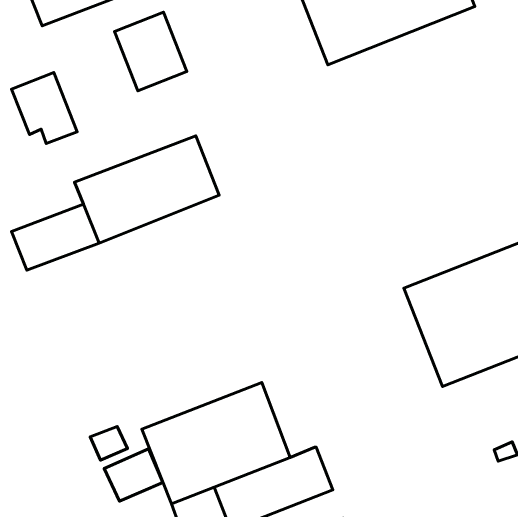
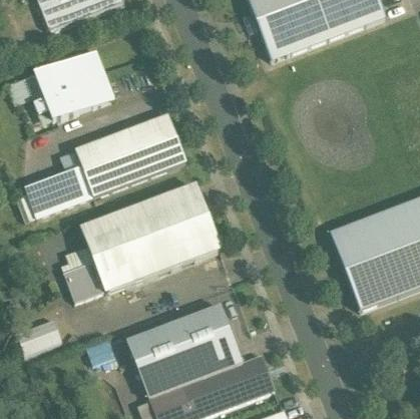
building: [115,12,187,91] -> [58,50,114,111]
building: none -> [61,182,221,304]
building: [104,449,163,501] -> none

